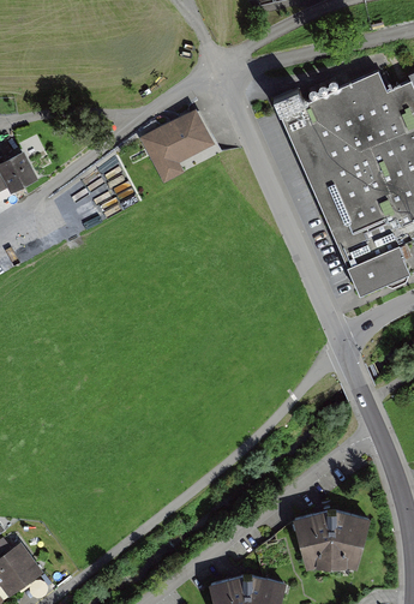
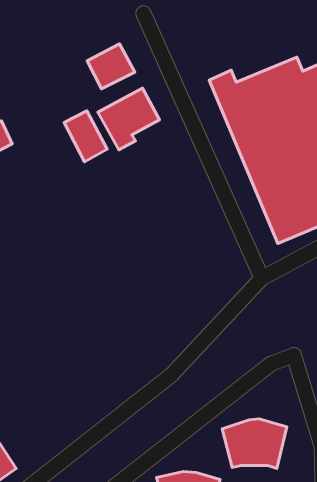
building: none -> [87,44,135,89]
building: none -> [64,111,107,162]

